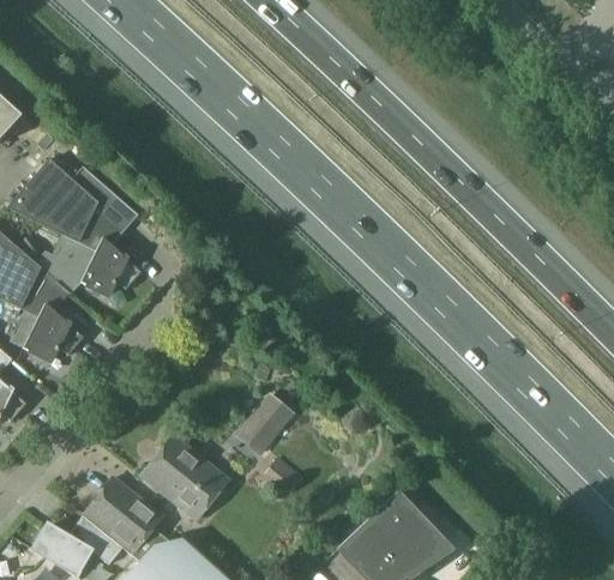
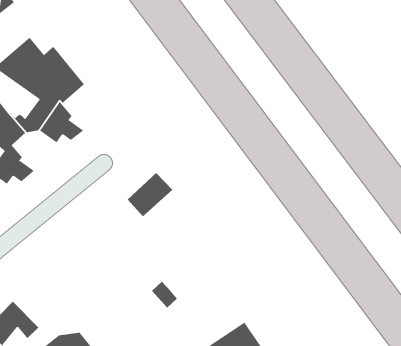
building: [235,392,295,455] -> [127,172,173,217]
building: [142,435,229,519] -> none
building: [83,476,163,545] -> none

